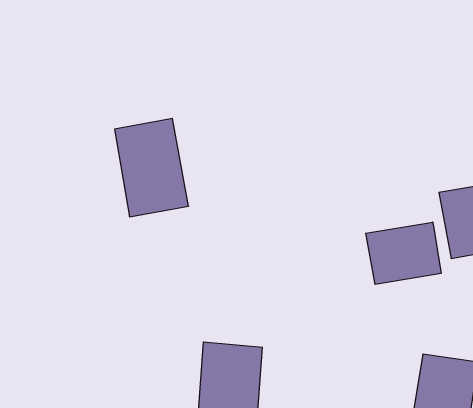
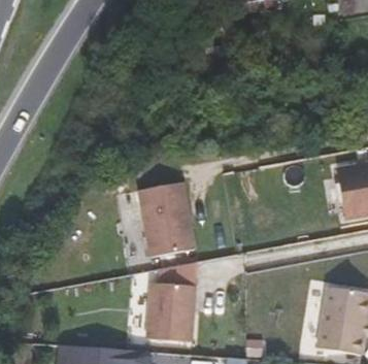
building: [115,118,189,217] -> [139,180,196,256]
building: [366,222,441,284] -> none

